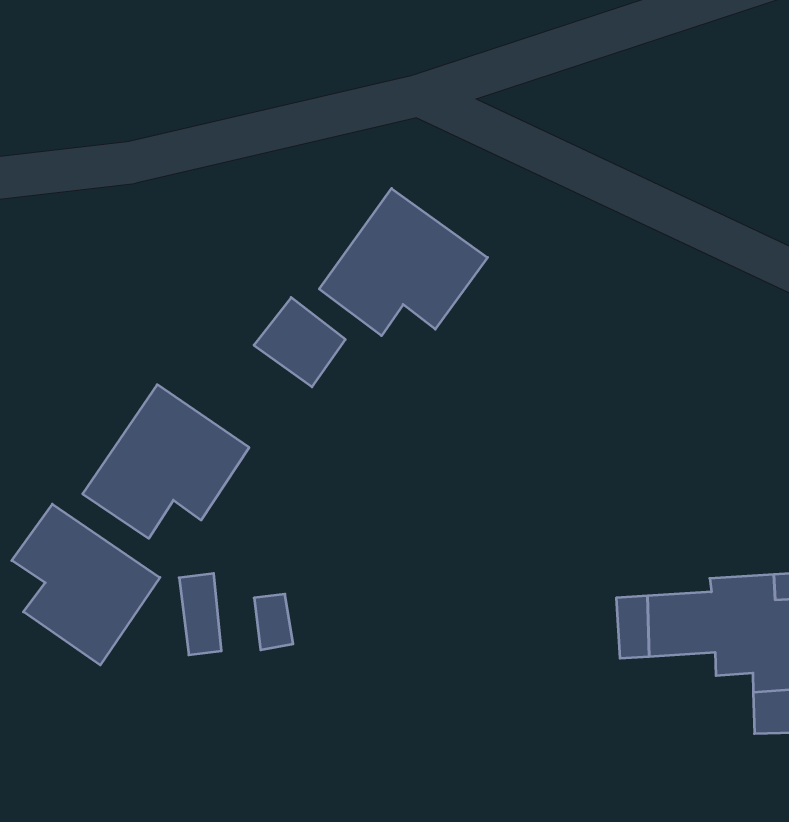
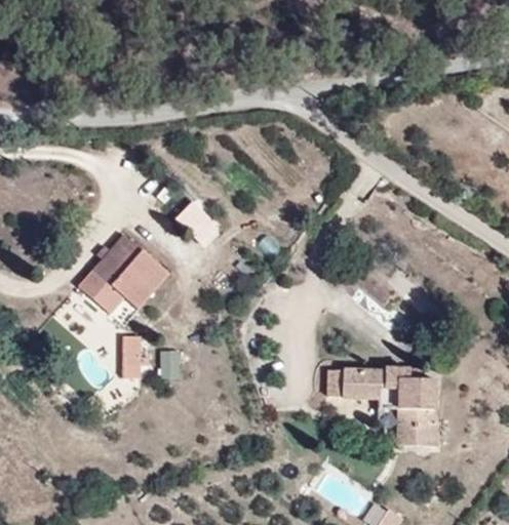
building: [319,188,488,336] -> none
building: [12,504,160,665] -> none

